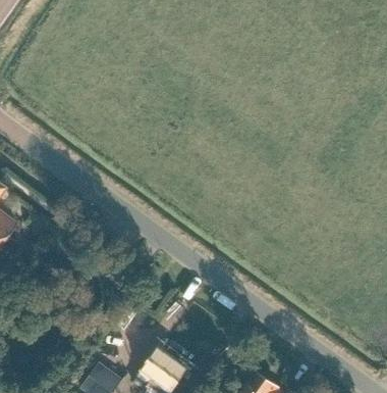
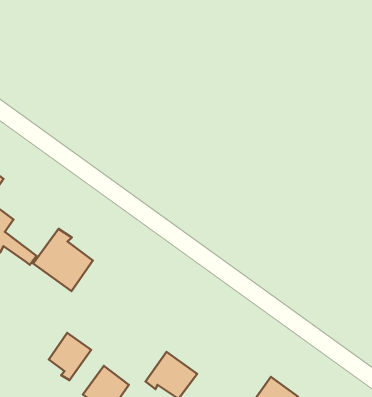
building: none -> [33,229,93,291]
building: none -> [49,333,91,380]

